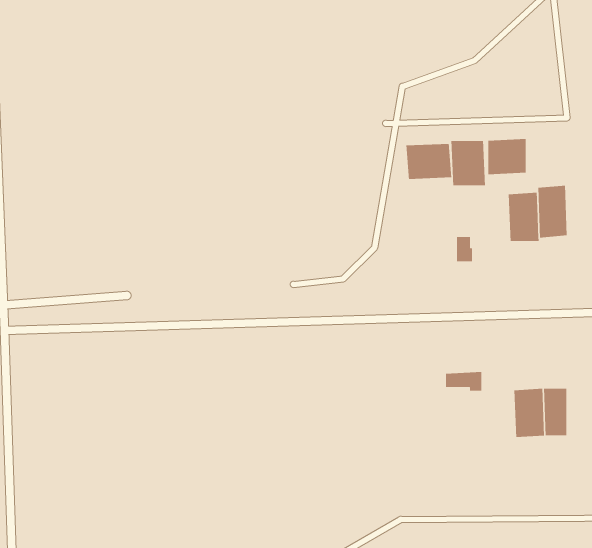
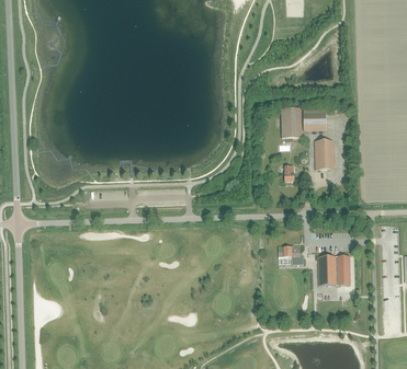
building: [405,143,452,180] -> none
building: [537,185,568,238] -> none

